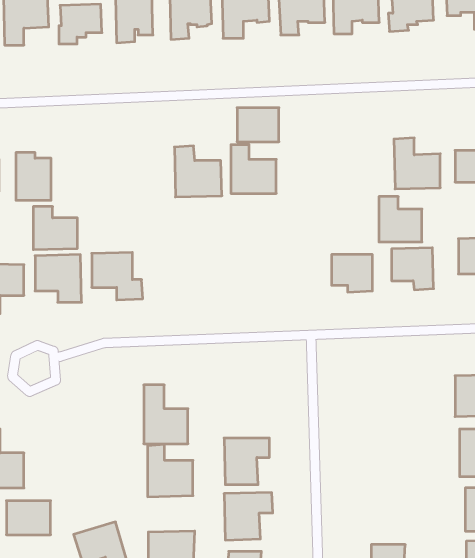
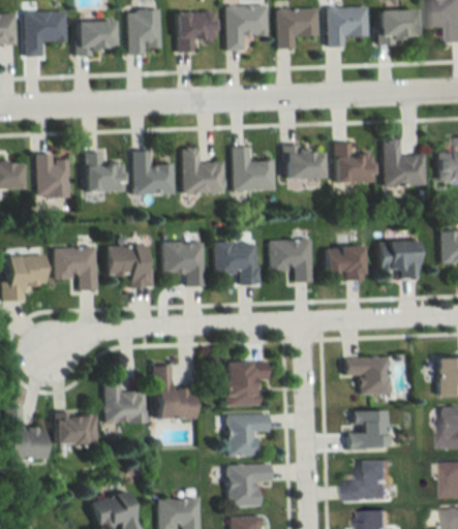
building: [237,108,279,142] -> [284,148,323,179]
building: none -> [132,151,175,195]
building: [379,197,422,242] -> [334,143,373,184]
building: [33,207,77,250] -> [85,153,125,192]
building: none -> [271,241,312,282]
building: none -> [163,243,204,286]
building: none -> [215,243,259,286]
building: none -> [344,357,391,395]
building: none -> [225,363,268,407]
building: none -> [347,410,387,449]
building: [148,445,193,497] -> [105,376,147,424]
building: none -> [349,461,393,502]
building: [6,501,51,535] -> [56,413,96,444]

